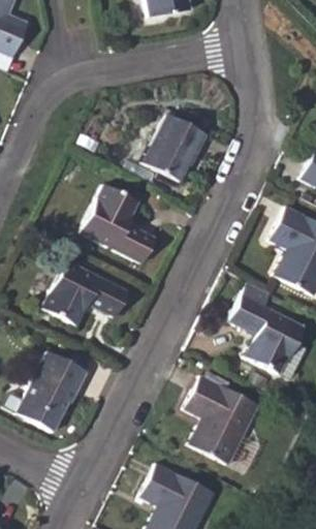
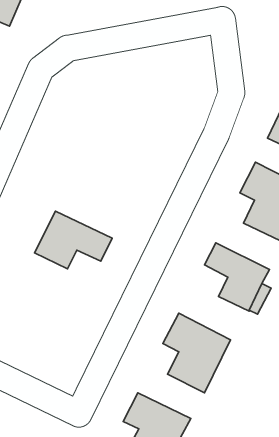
building: [141,108,210,182] -> none
building: [78,185,155,266] -> none
building: [17,351,88,431] -> none

